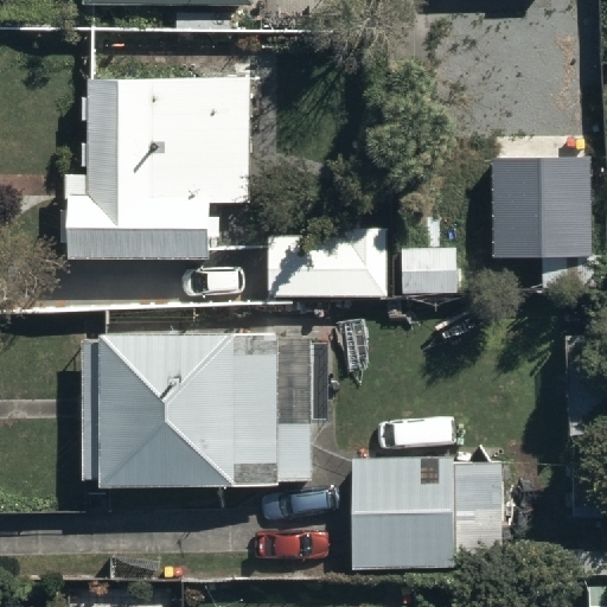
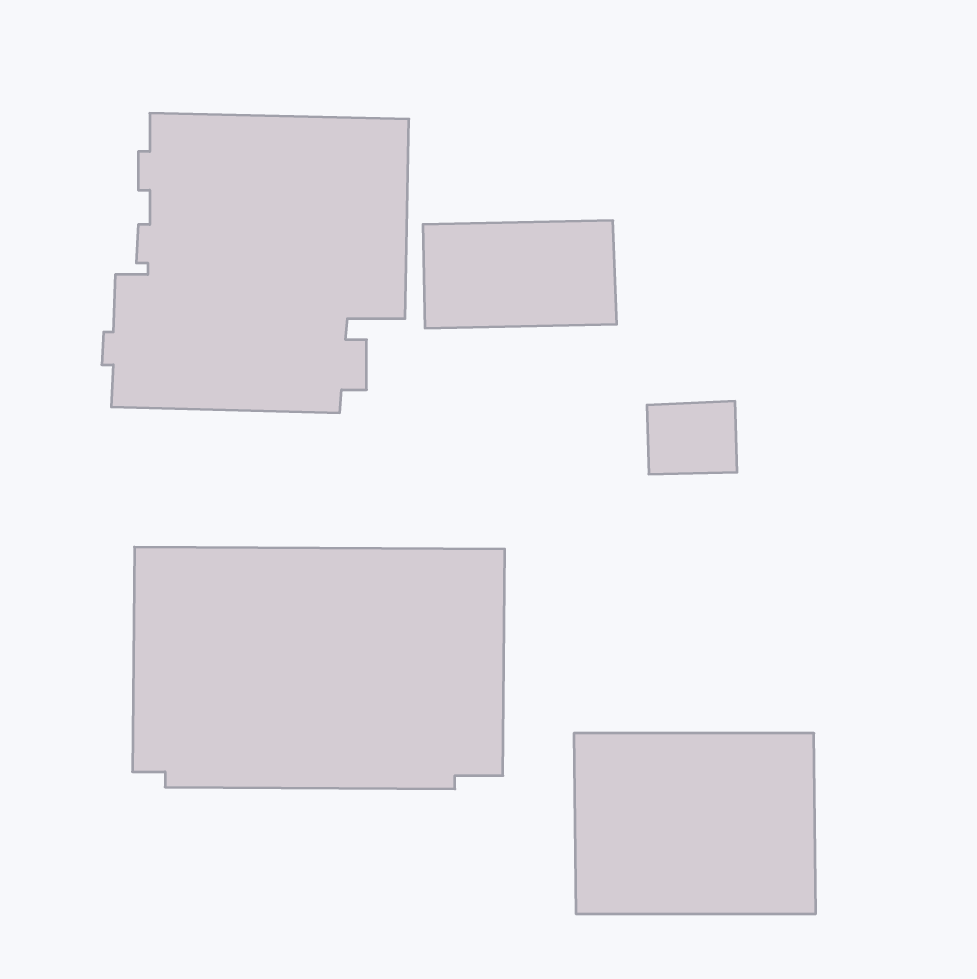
building: [490,159,589,258] -> none
building: [264,232,384,299] -> [423,221,617,328]

